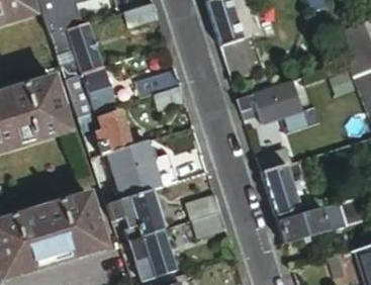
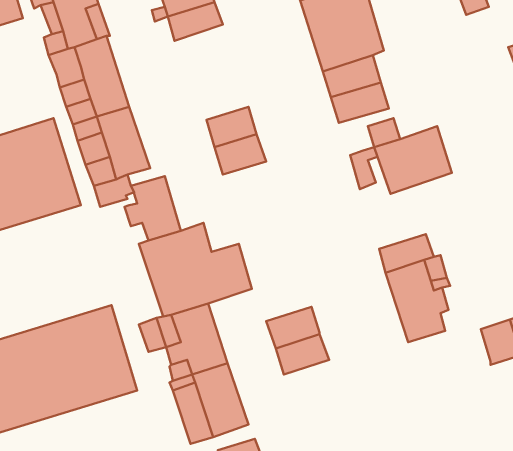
building: [278,207,328,242] -> none

